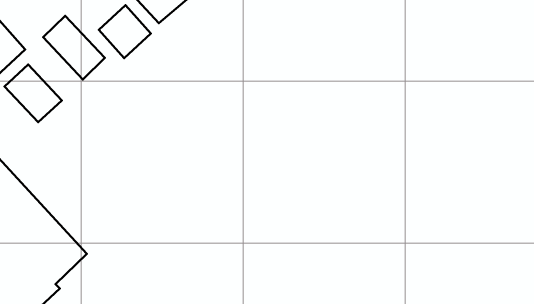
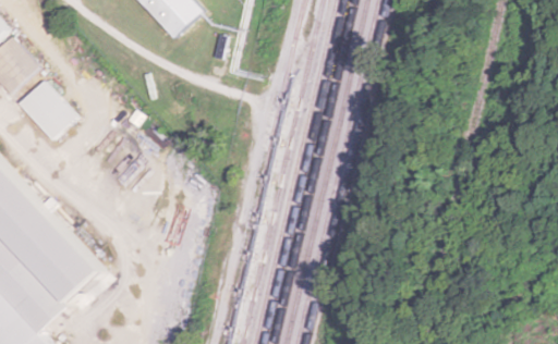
building: [99,5,151,58] -> none
building: [43,16,105,79] -> none

